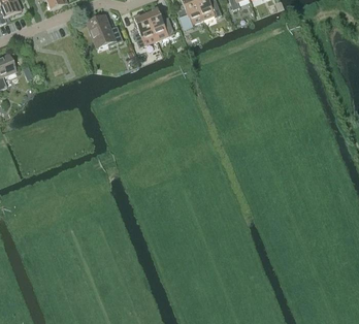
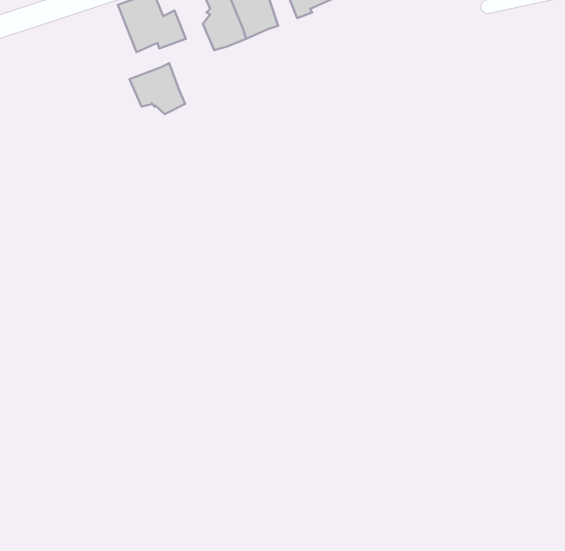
building: none -> [130,63,185,114]

